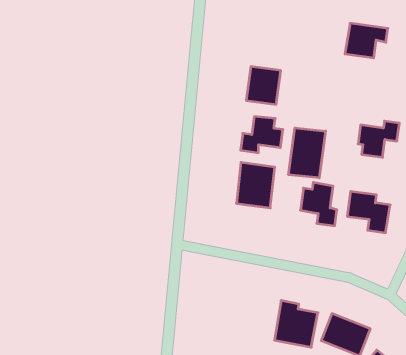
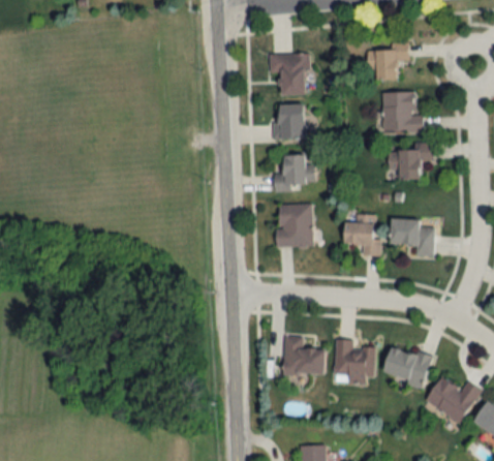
building: none -> [270,54,307,95]
building: none -> [381,92,423,130]
building: [289,128,326,178] -> none
building: none -> [283,336,325,373]

